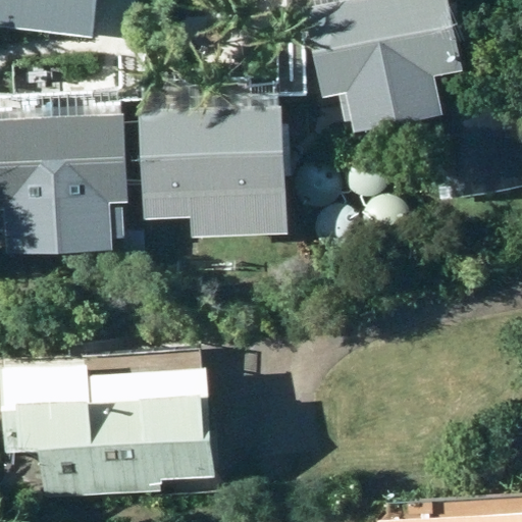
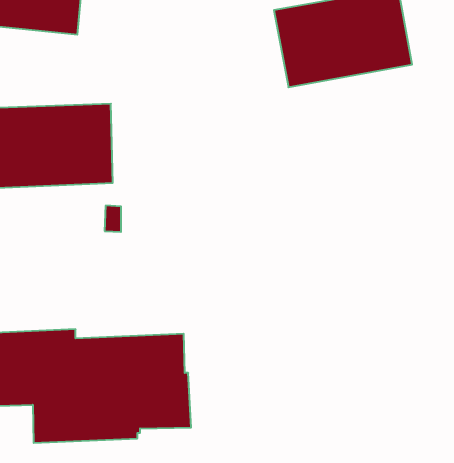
building: [139,100,288,206] -> none

